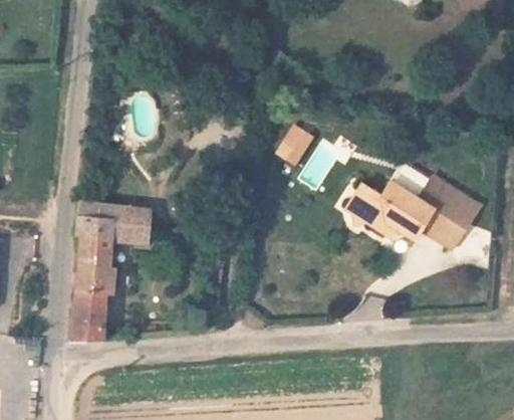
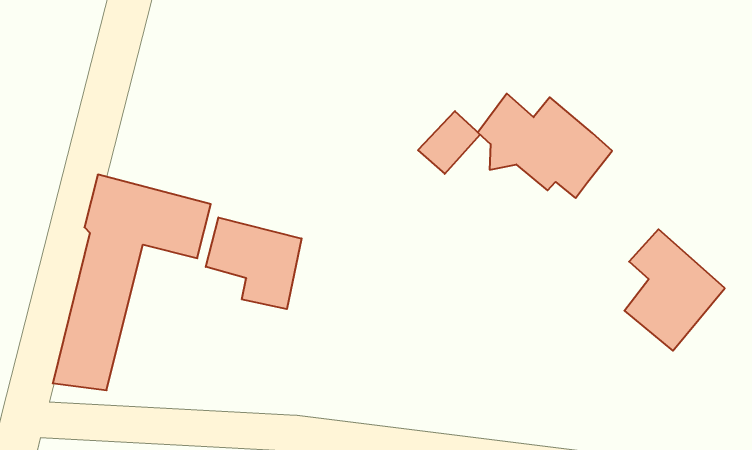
building: [346,183,432,243] -> [478,94,612,198]
building: none -> [206,217,302,309]

